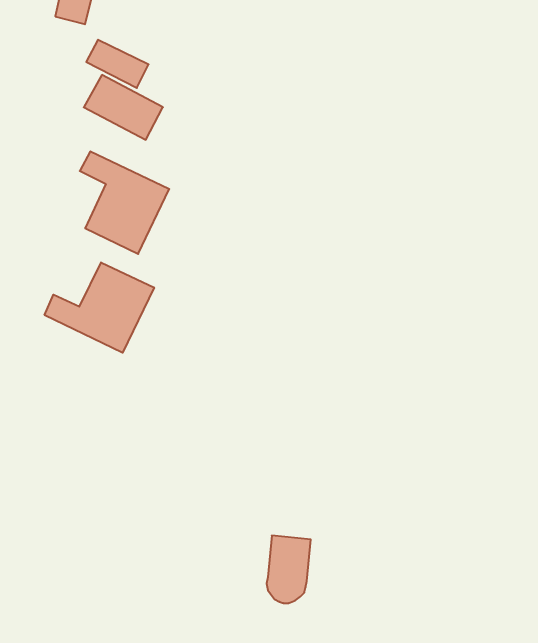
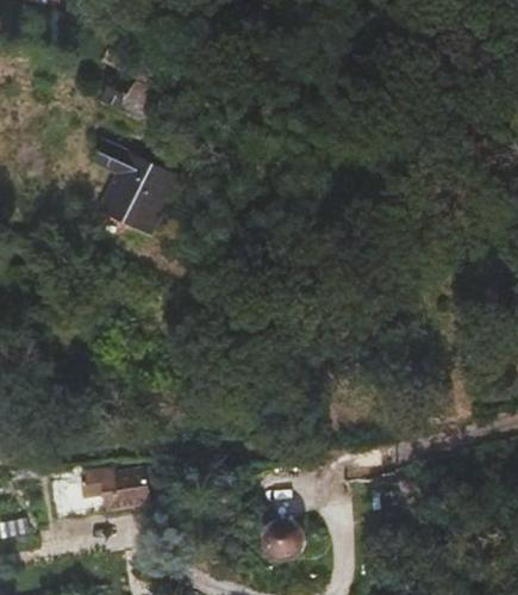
building: [45,262,154,353] -> none
building: none -> [80,467,150,512]

